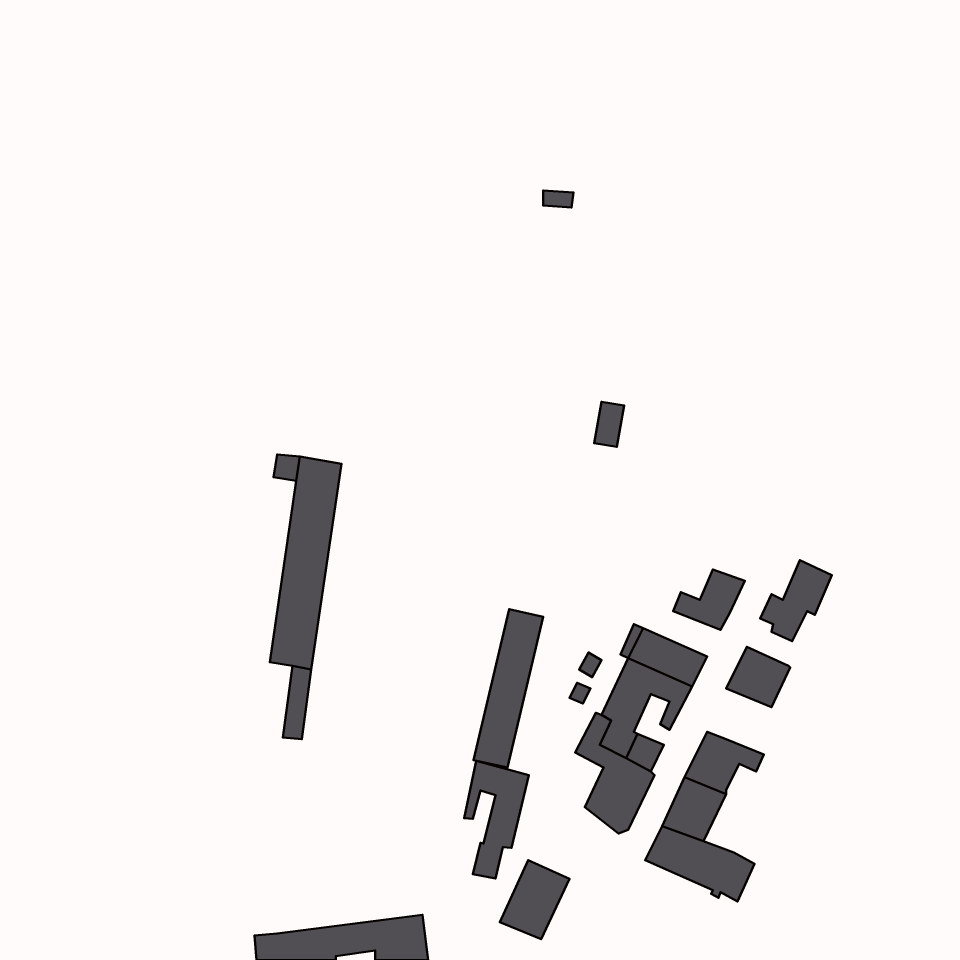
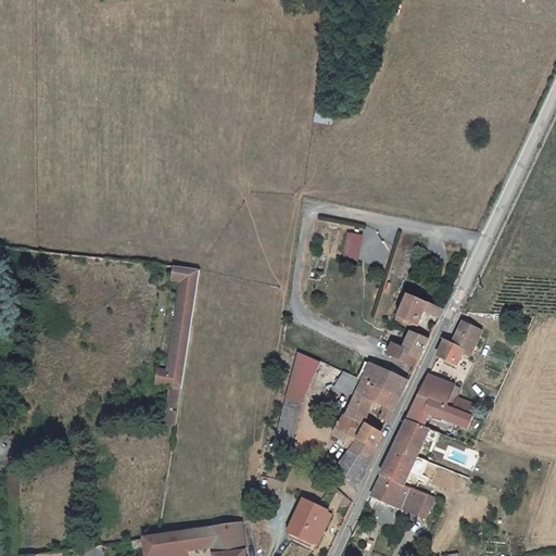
building: none -> [397,292,443,325]
building: none -> [407,396,470,429]
building: [464,761,529,879] -> none

